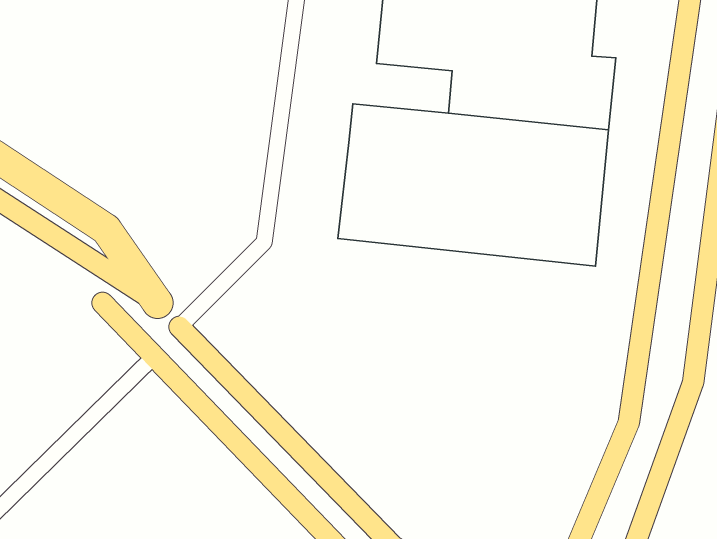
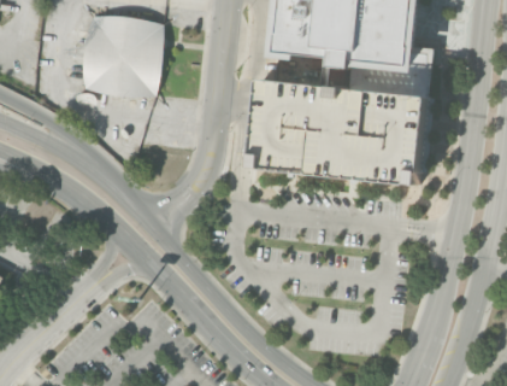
building: none -> [82,17,163,98]

